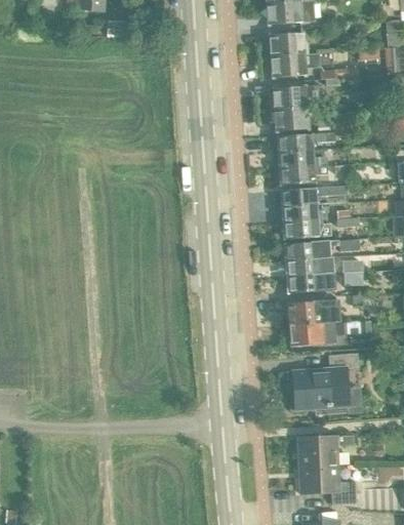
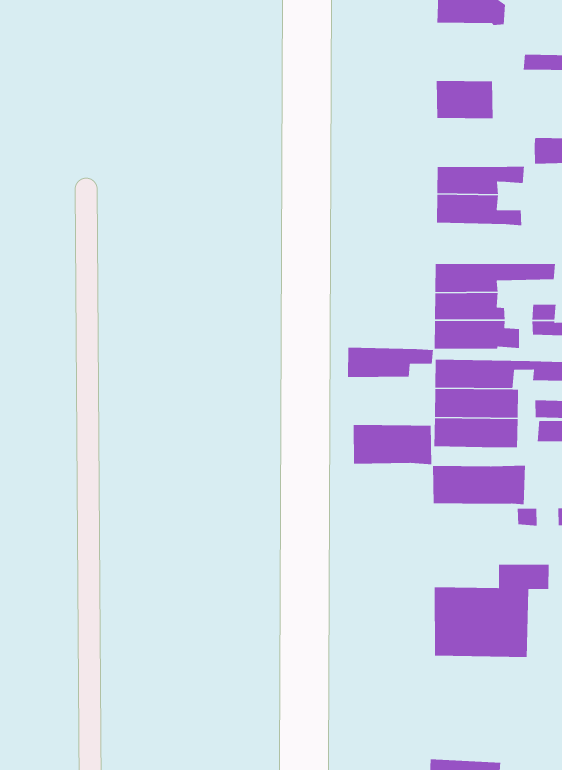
building: [270,53,316,77] -> none
building: [274,107,307,130] -> none
building: [278,165,326,185] -> [347,347,434,378]
building: [288,321,334,347] -> [353,424,432,465]
building: [296,435,353,467] -> none

